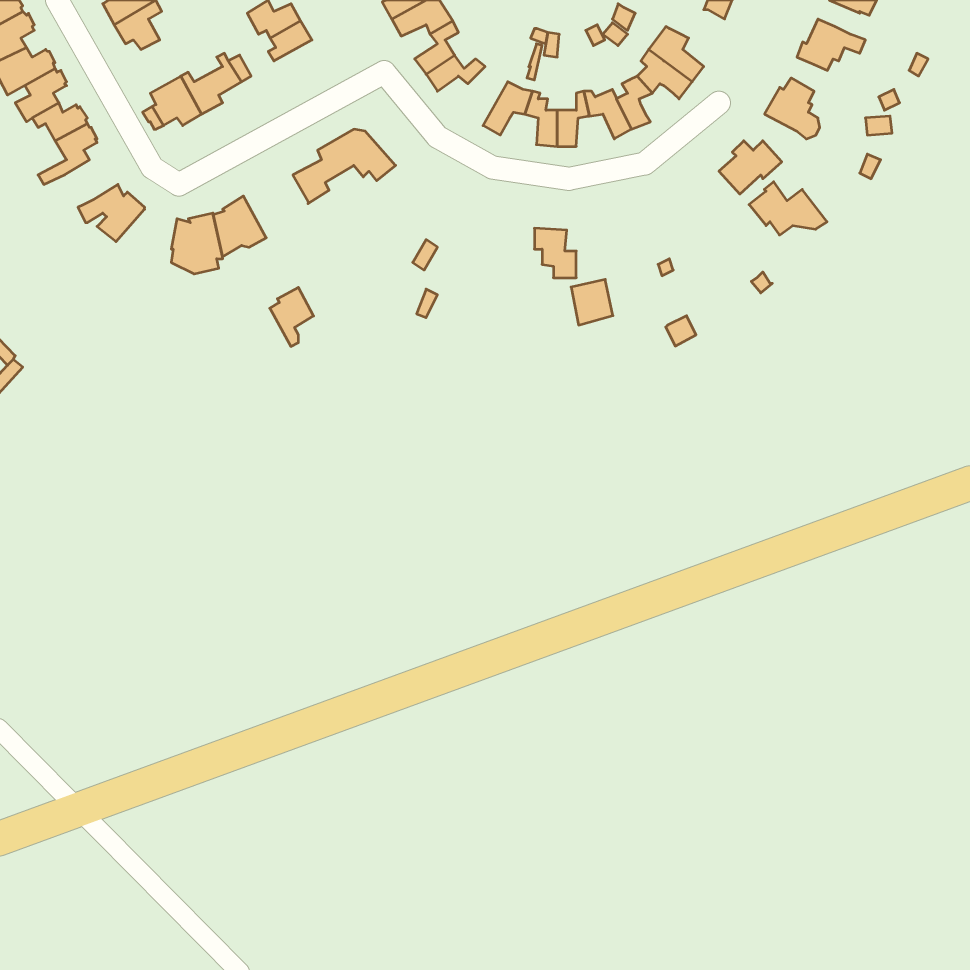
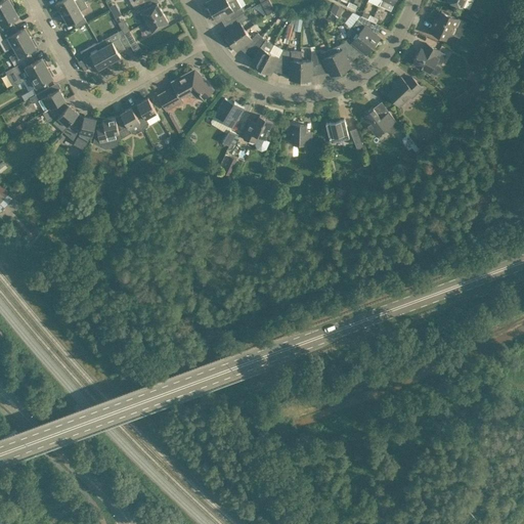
building: none -> [251,37,273,69]
building: none -> [35,87,64,112]
building: none -> [214,98,244,127]
building: [749,182,827,235] -> [359,107,401,136]
building: none -> [62,114,96,149]
building: none -> [242,116,272,143]
building: [571,279,613,325] -> [325,119,348,143]
building: [270,287,314,346] -> [132,97,156,129]

